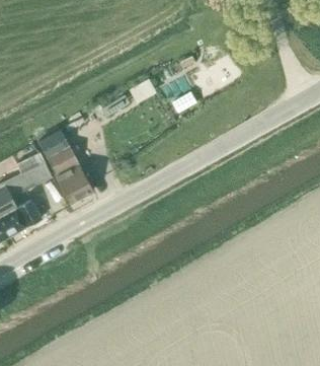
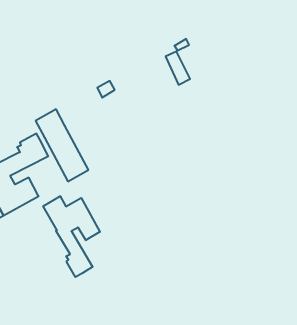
building: none -> [43,196,100,277]

